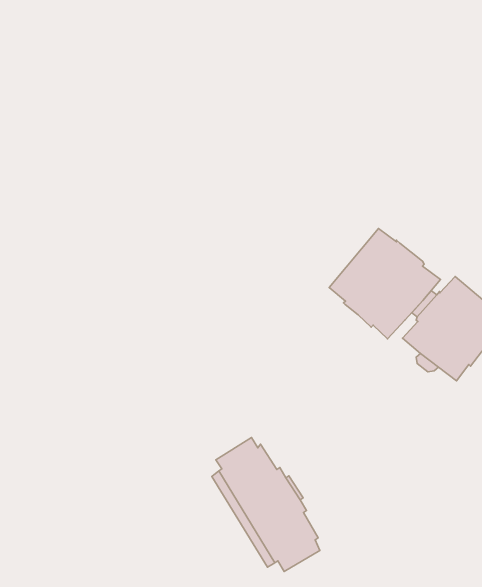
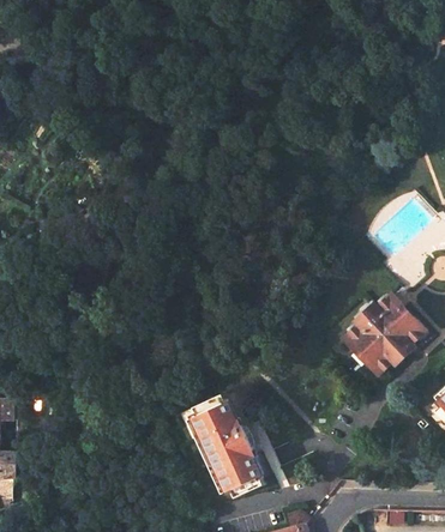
building: [329,228,440,339] -> none

